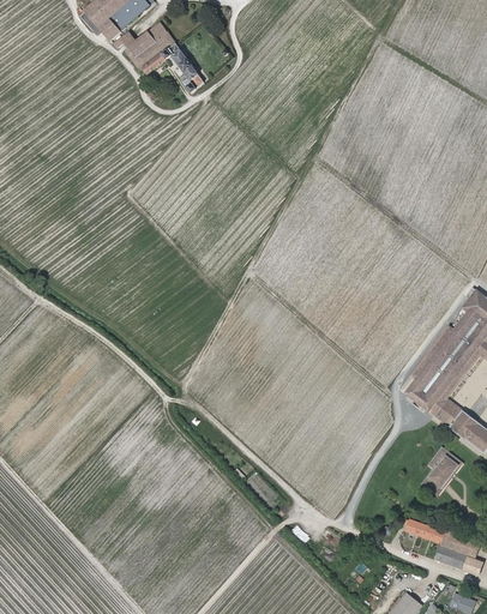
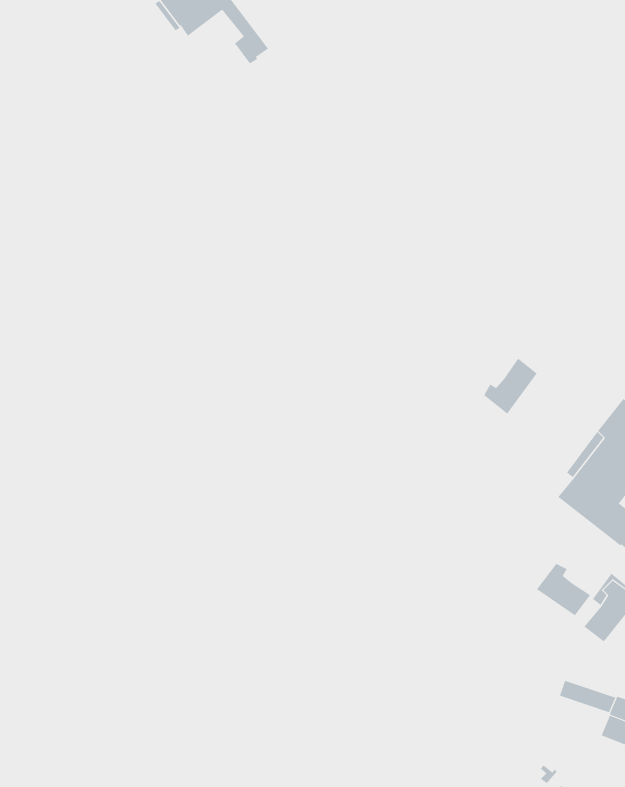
building: none -> [483,358,537,415]
building: none -> [536,563,591,616]

